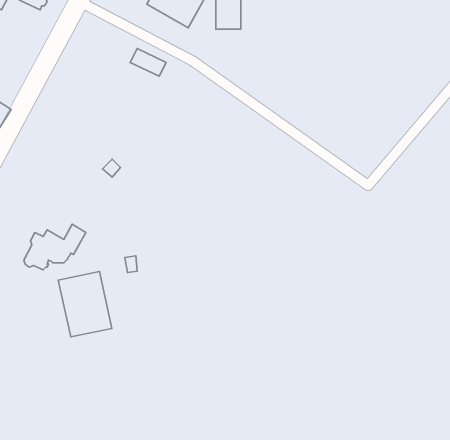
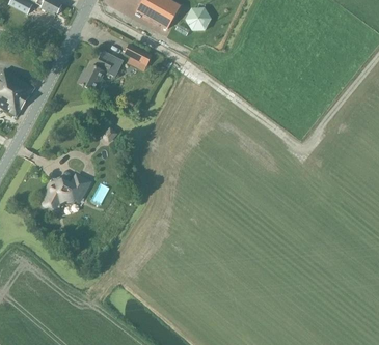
building: none -> [78,51,123,91]
building: [58,272,112,337] -> none

